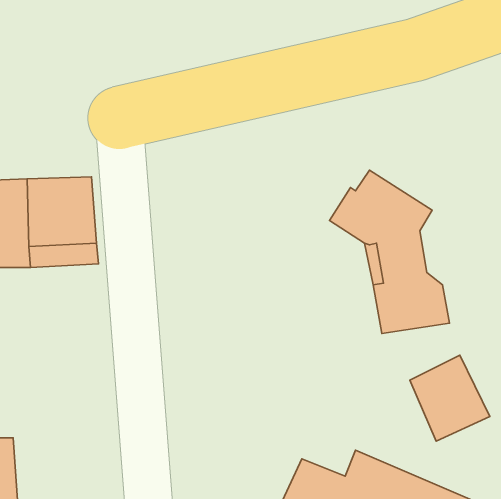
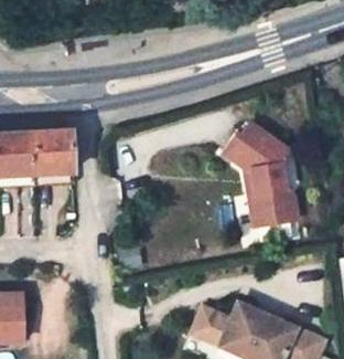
building: [410,355,490,441] -> none

